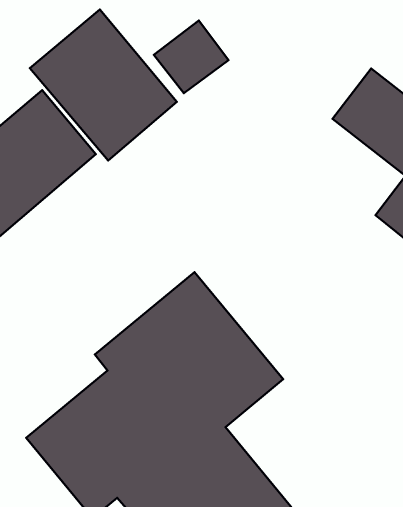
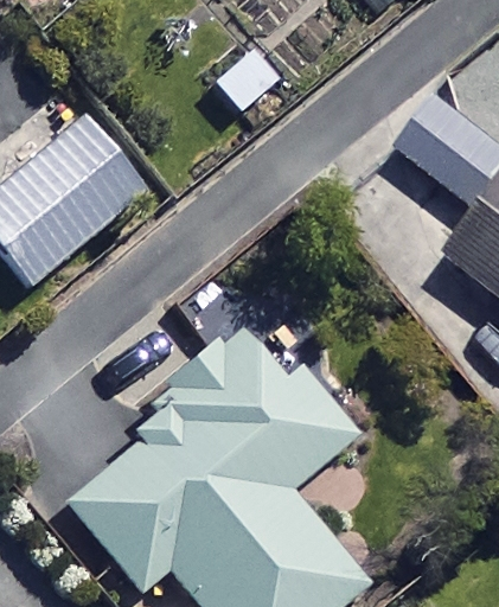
building: [30,10,177,161] -> none

